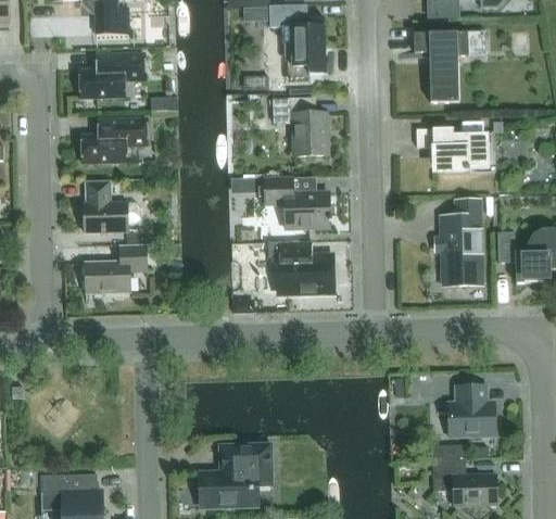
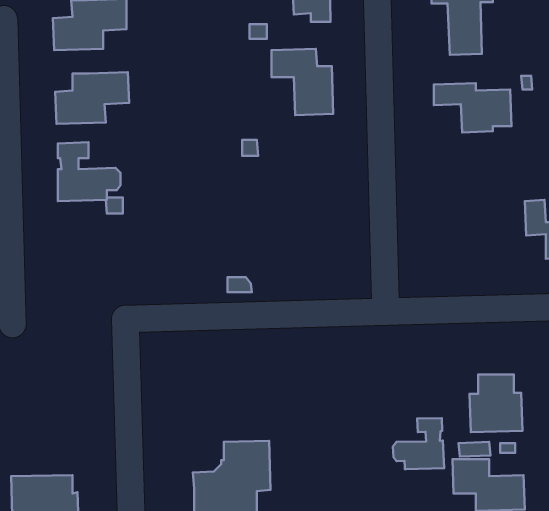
building: [264,177,329,228] -> none
building: [441,199,481,284] -> none
building: [267,240,331,293] -> none
building: [85,244,147,293] -> none
building: none -> [393,418,444,469]

